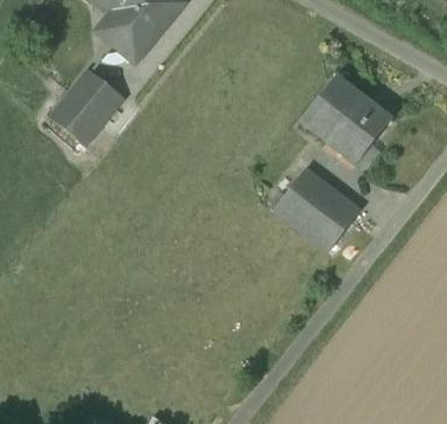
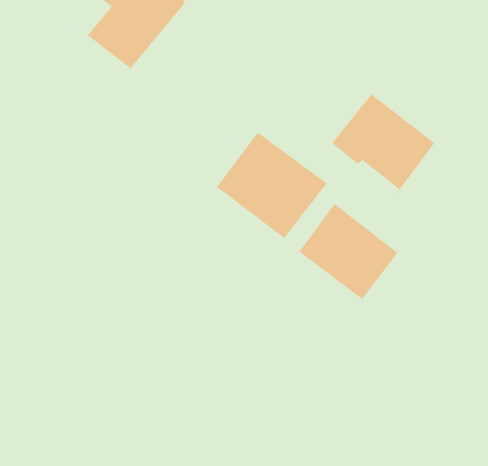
building: [50,71,121,144] -> none
building: none -> [216,132,327,239]

